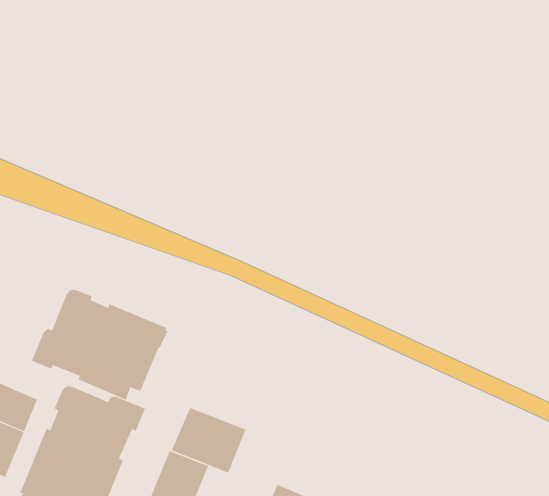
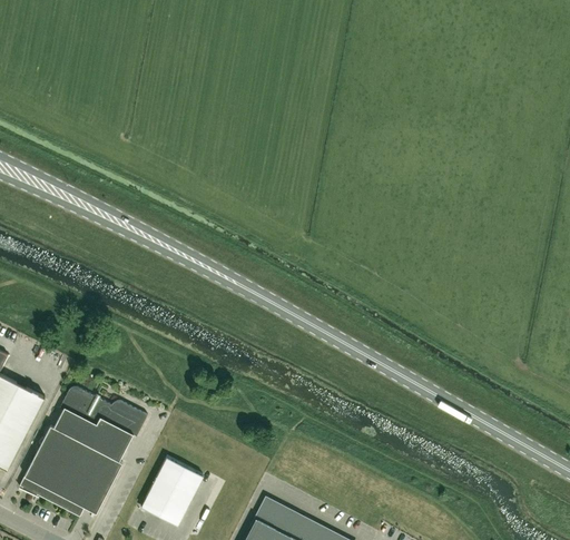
building: [31,289,168,400] -> none
building: [171,407,246,474] -> none

